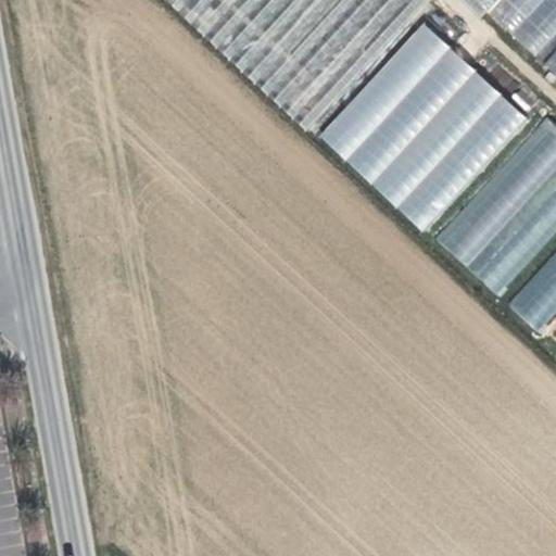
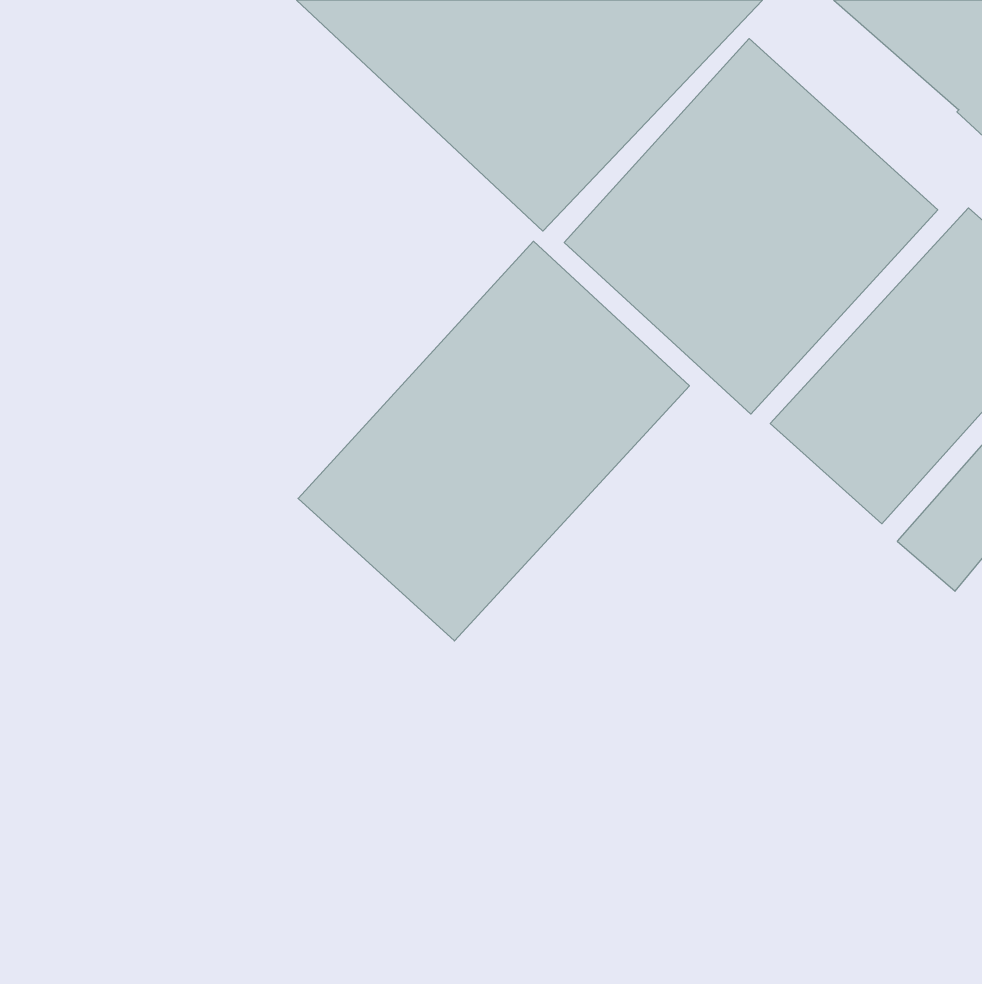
building: none -> [298,241,689,641]

